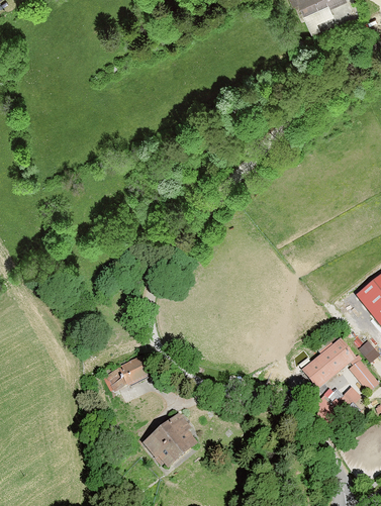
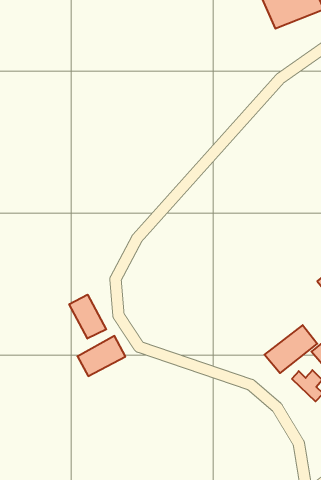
building: none -> [69,295,106,339]
building: [139,410,204,473] -> none

